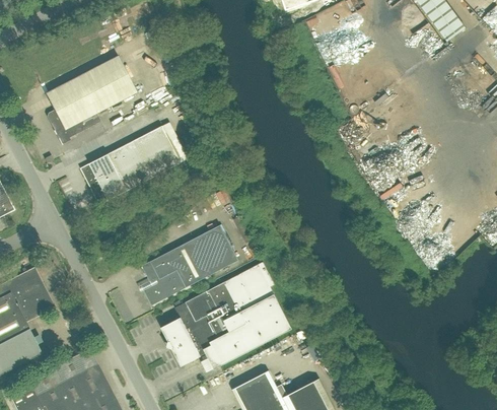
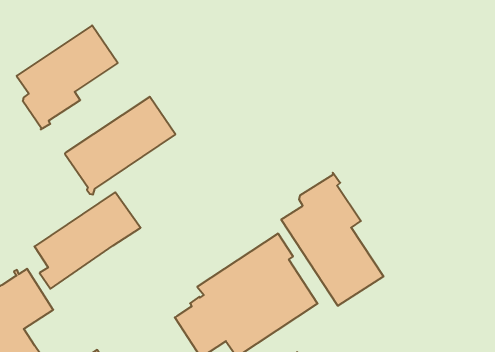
building: none -> [281,173,383,306]
building: [141,225,238,305] -> [34,192,141,289]

